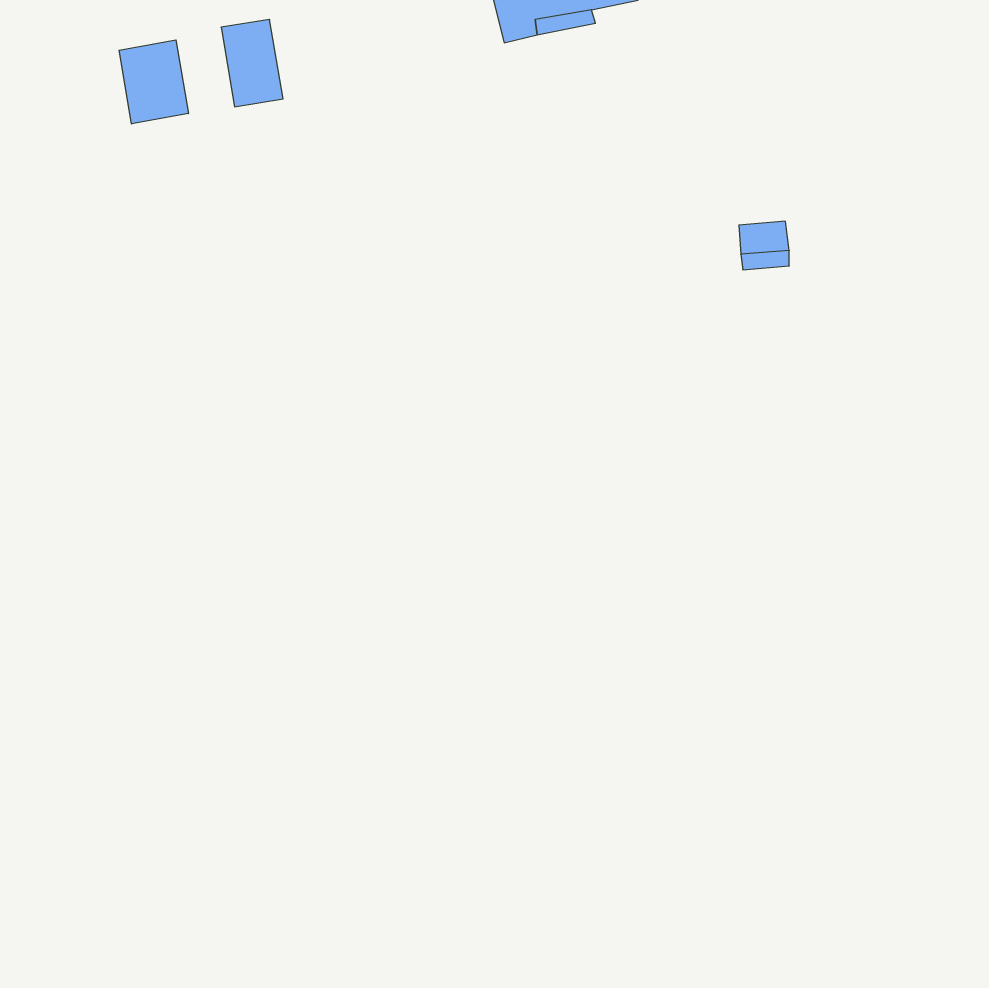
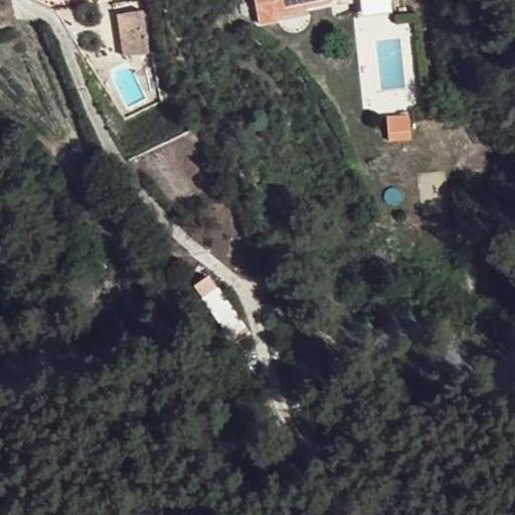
building: [119,40,188,124] -> none

